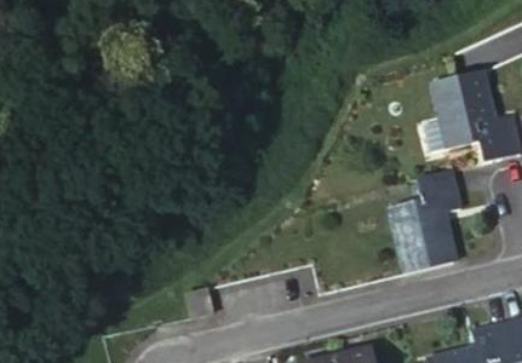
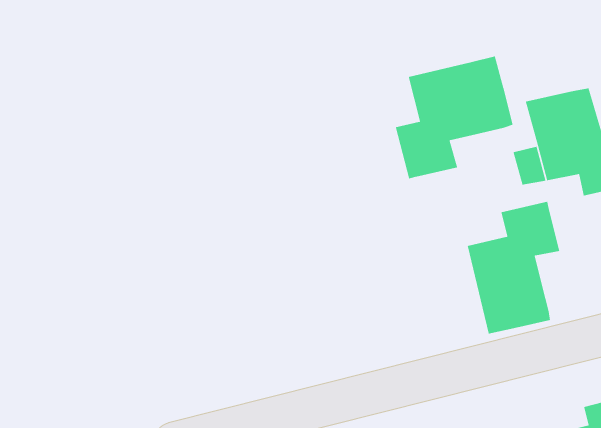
building: none -> [395,56,514,180]

